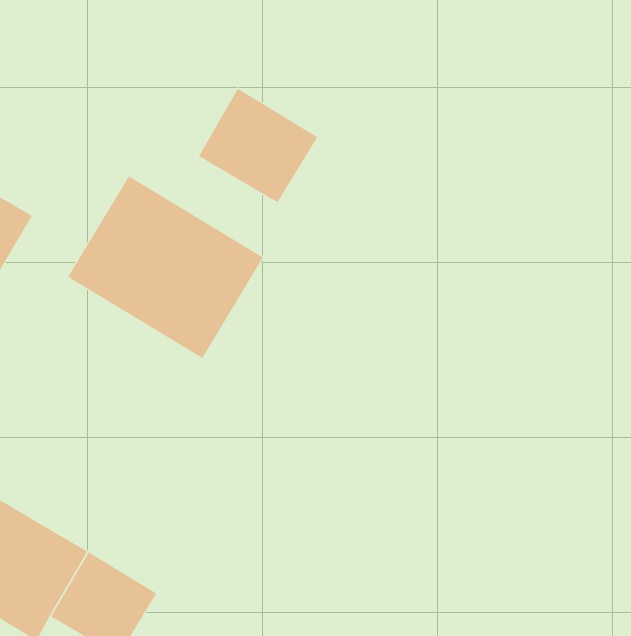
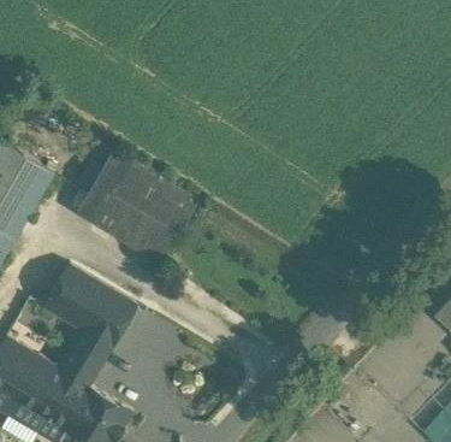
building: [198,88,318,203] -> none
building: none -> [46,267,137,388]

